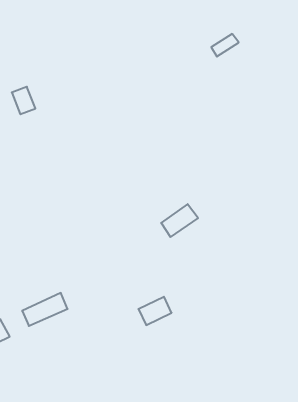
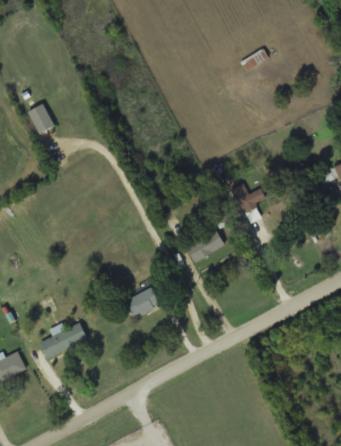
building: none -> [230,183,267,221]
building: [138,297,172,325] -> [124,287,159,317]

